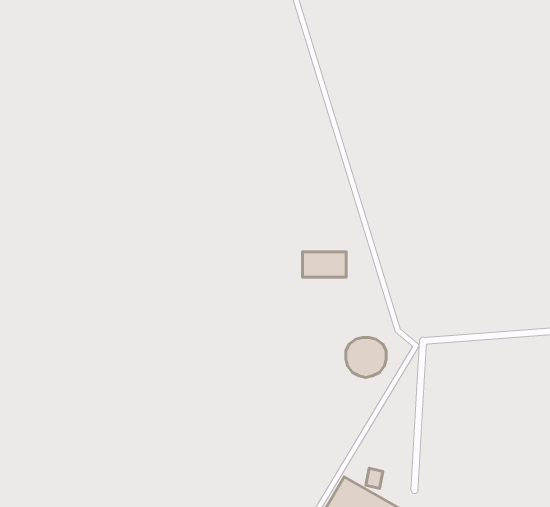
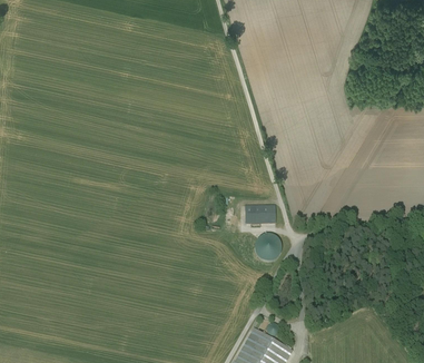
building: [302,252,346,277] -> [246,206,275,223]

